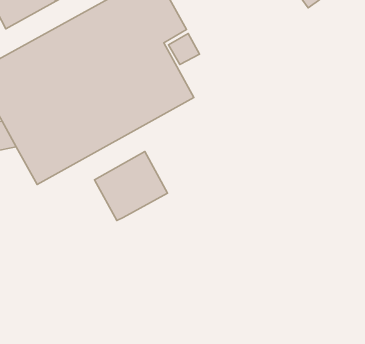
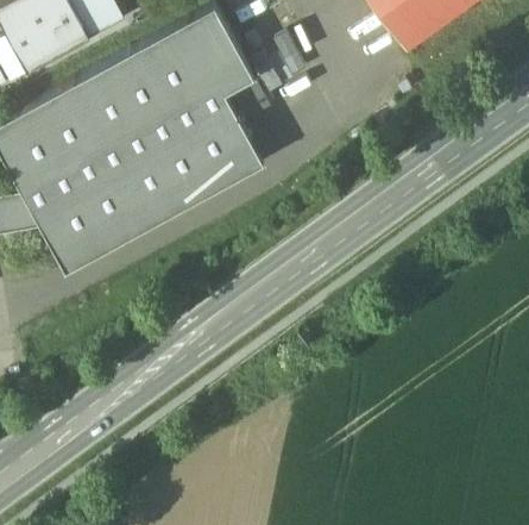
building: [94,152,168,220] -> none

